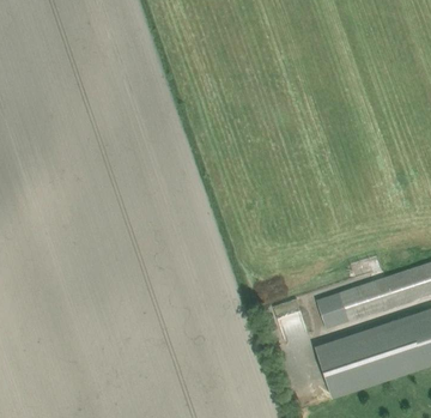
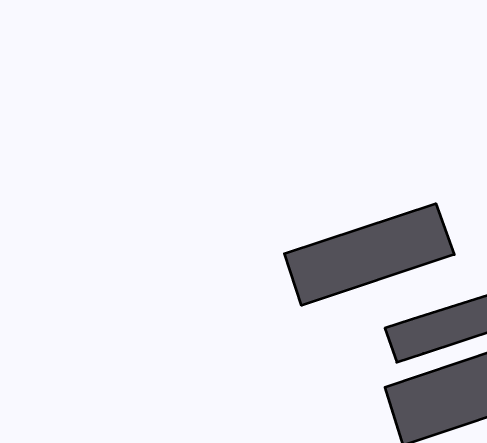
building: none -> [284,204,454,305]

